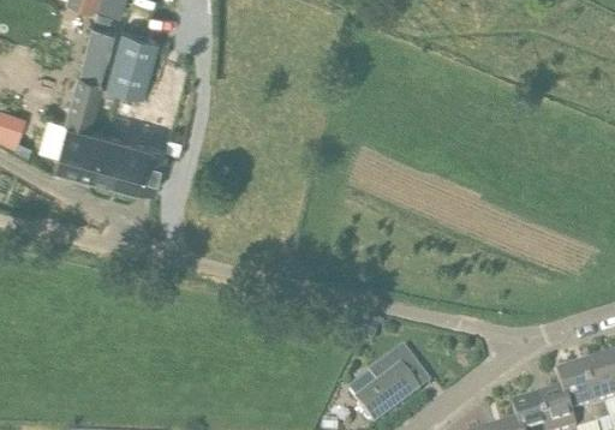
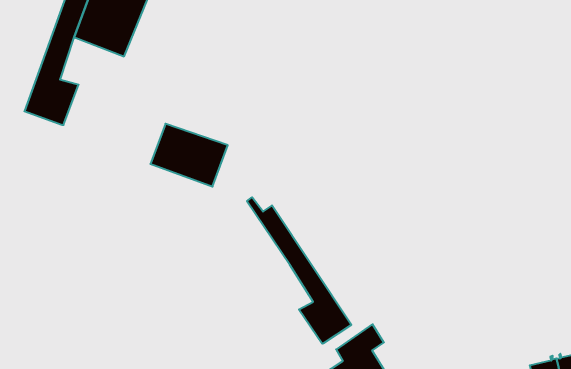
building: [92,133,166,191] -> [150,124,228,187]
building: none -> [247,197,351,344]

